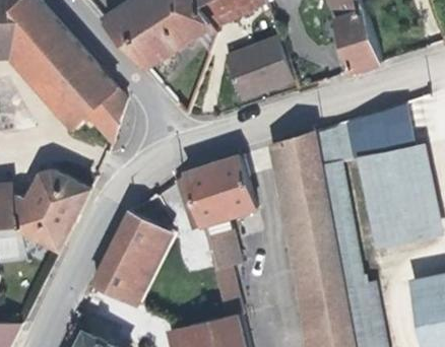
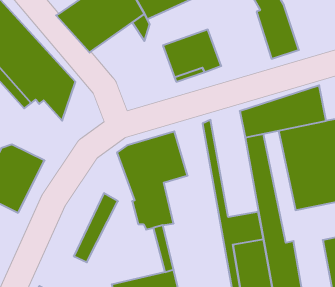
building: [280,133,335,255] -> none
building: [91,212,157,299] -> none

